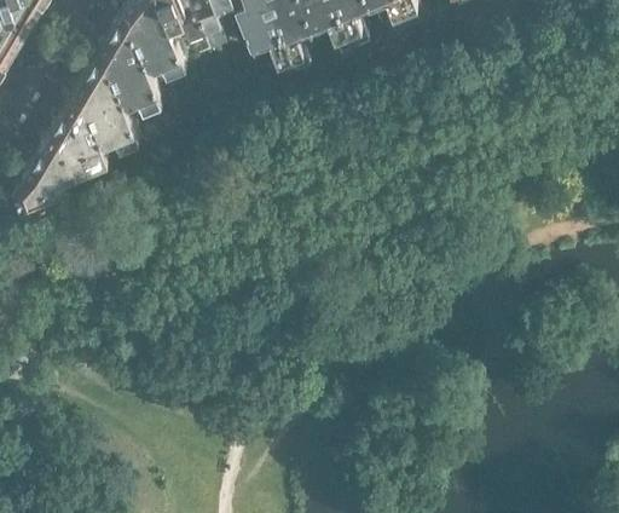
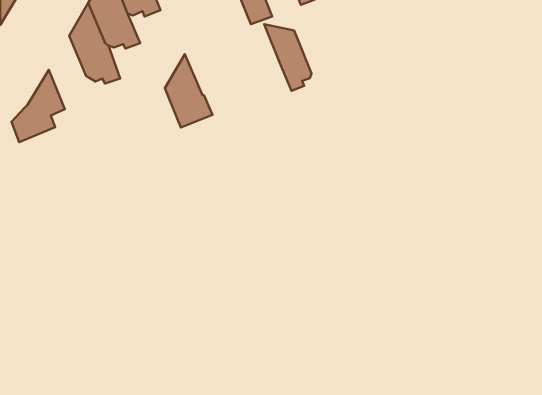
building: none -> [264,24,312,91]
building: [57,88,111,172] -> [165,54,213,128]

